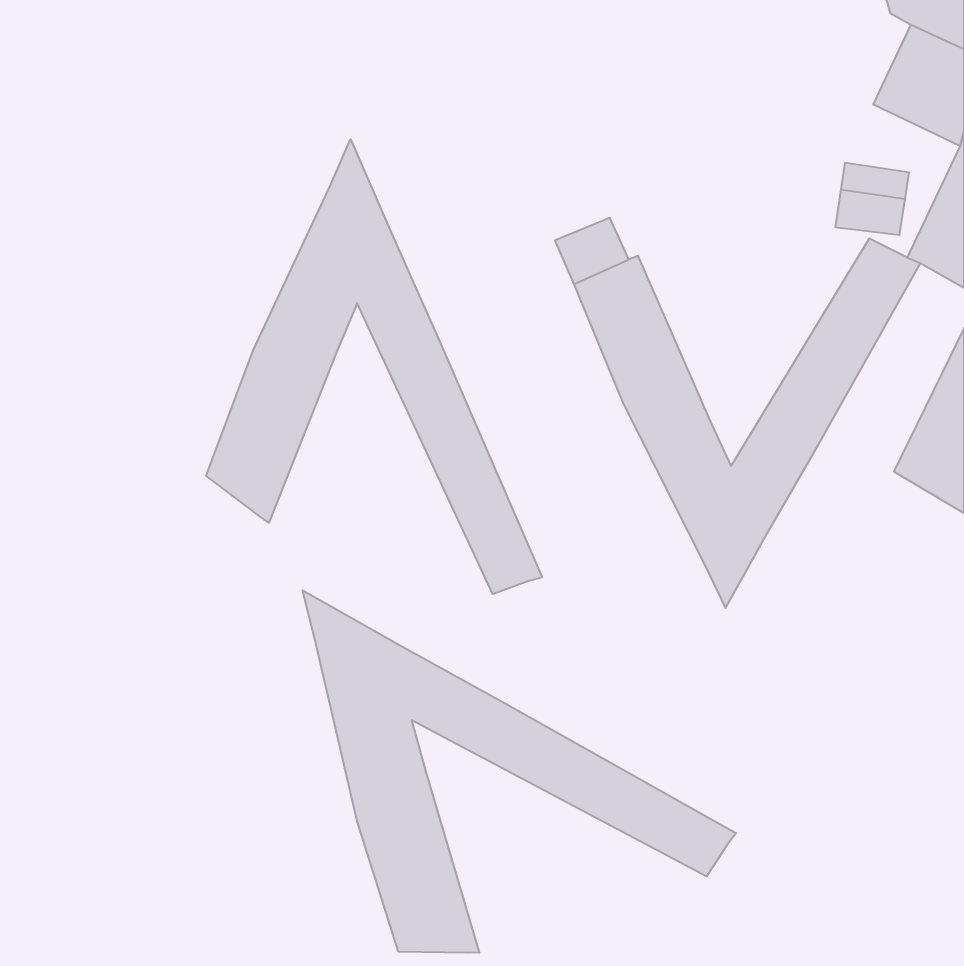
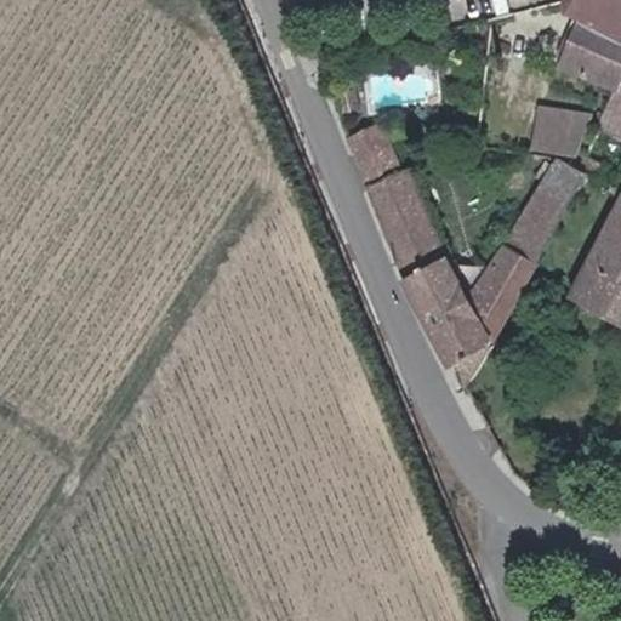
building: [206,139,542,594] -> none
building: [302,590,736,953] -> none

